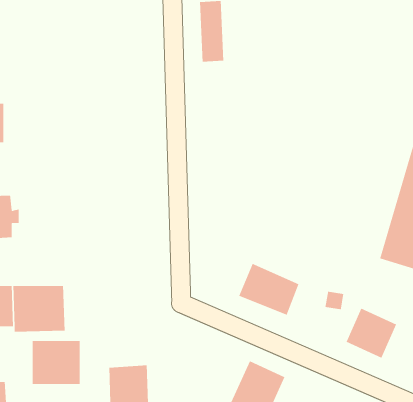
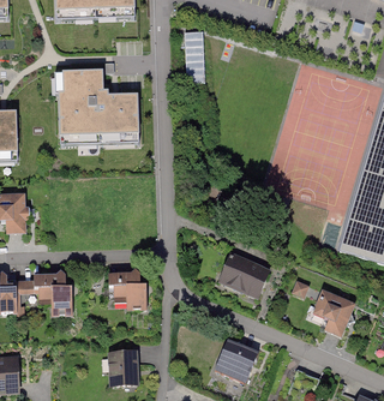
building: none -> [58,73,138,134]
building: [32,340,81,385] -> [107,270,149,309]

